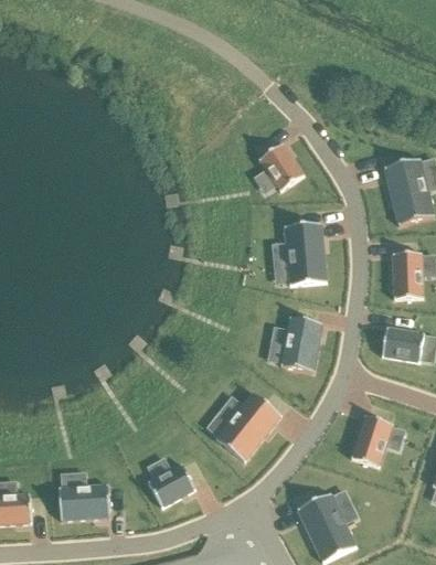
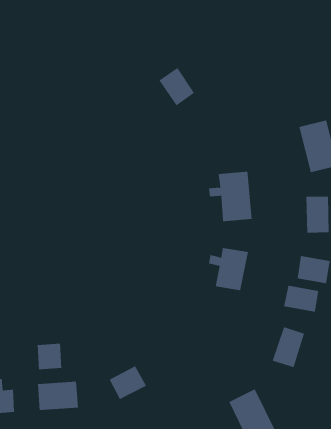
building: [258,142,304,191] -> [158,67,195,106]
building: none -> [284,285,319,312]
building: [215,392,281,461] -> none
building: none -> [37,343,62,370]

